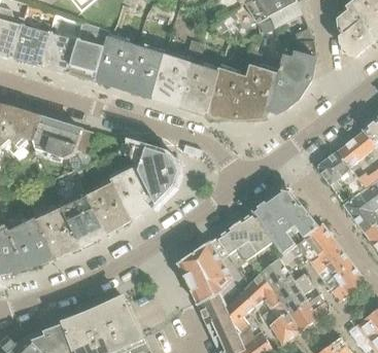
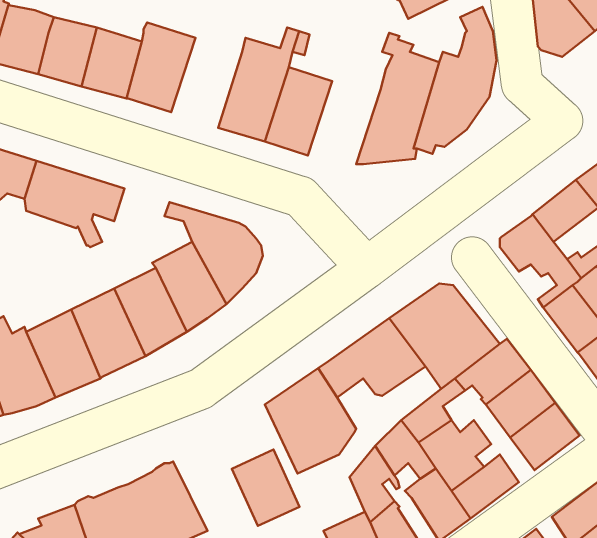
building: [122,44,164,98] -> none
building: [203,67,246,119] -> none
building: [197,292,237,338] -> [232,450,299,526]

